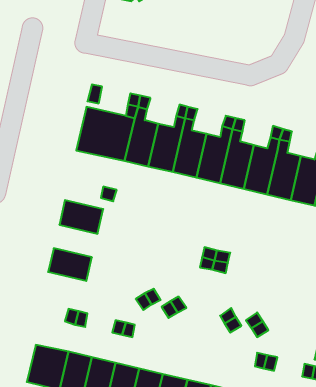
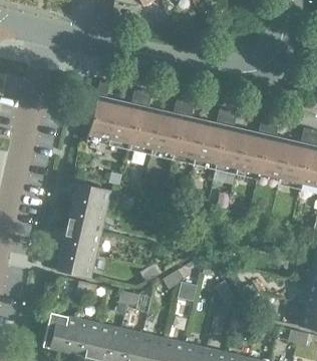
building: none -> [67,205,106,234]
building: none -> [57,247,96,277]

